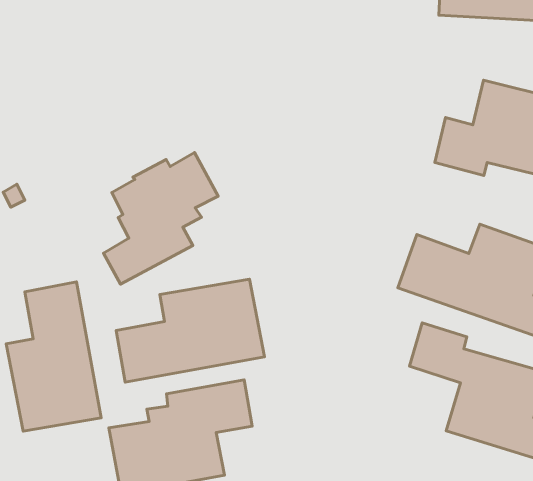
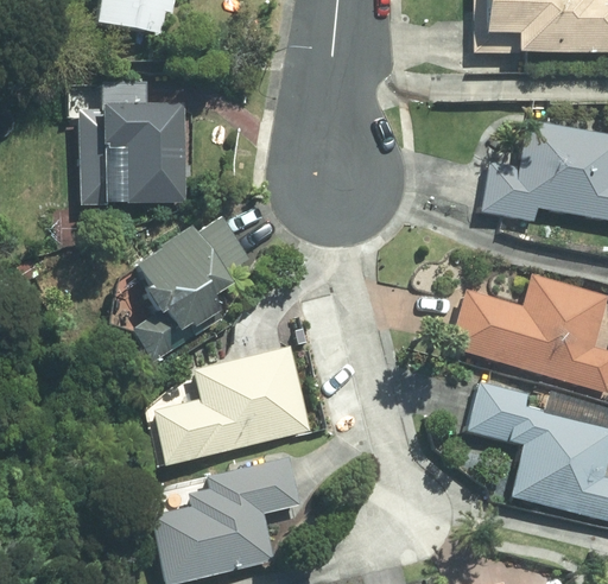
building: none -> [81,102,188,204]
building: [6,282,101,431] -> none

